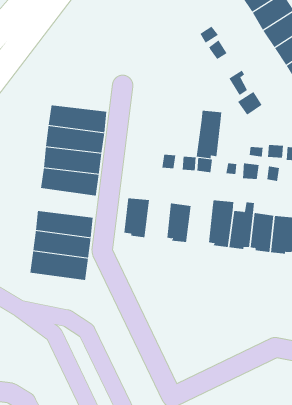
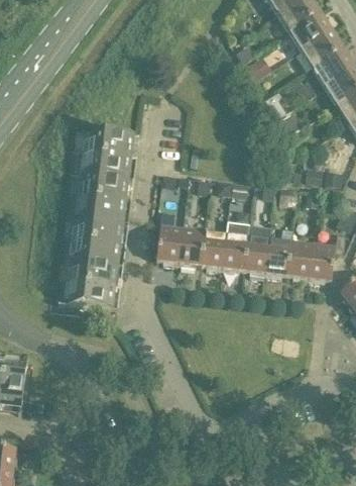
building: [196,110,222,159] -> [222,223,249,274]
building: none -> [67,215,128,246]
building: none -> [179,227,205,269]

